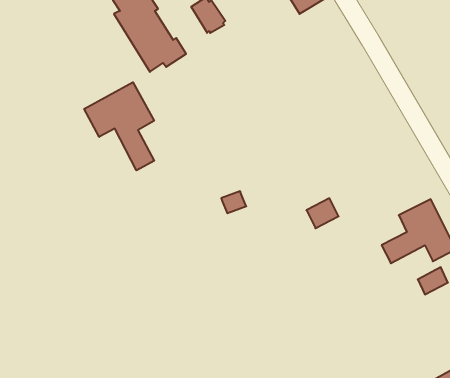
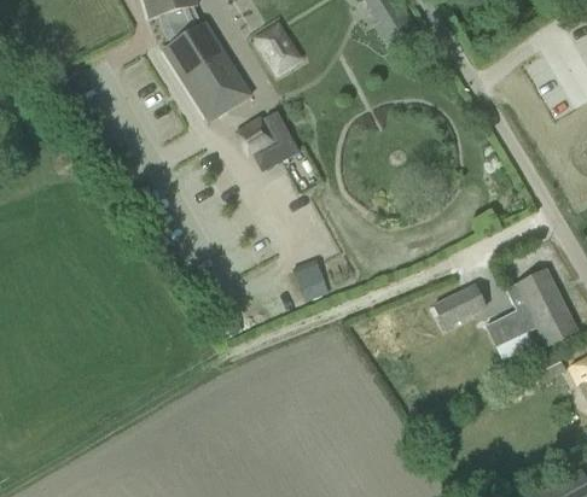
building: none -> [234,111,300,170]
building: [84,82,154,170] -> none
building: [306,198,339,228] -> [434,293,472,329]

